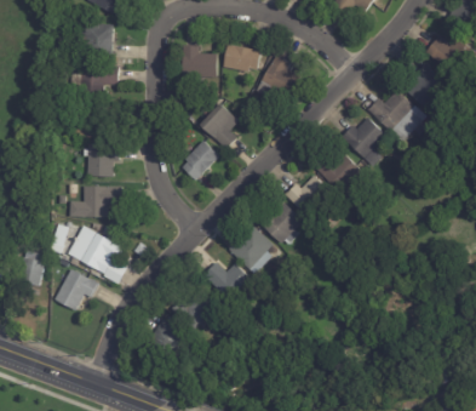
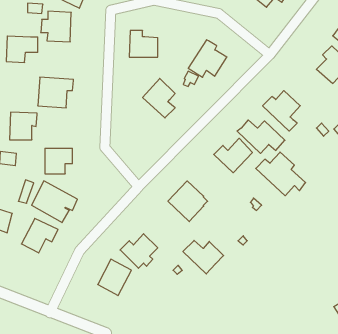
building: [223,45,259,72] -> none
building: [81,64,119,96] -> [6,36,38,62]
building: [367,89,426,141] -> [256,152,306,196]
building: [183,139,219,181] -> none
building: [87,143,120,176] -> [10,112,37,140]
building: [258,202,303,244] -> none
building: [202,261,251,301] -> [183,240,224,274]

